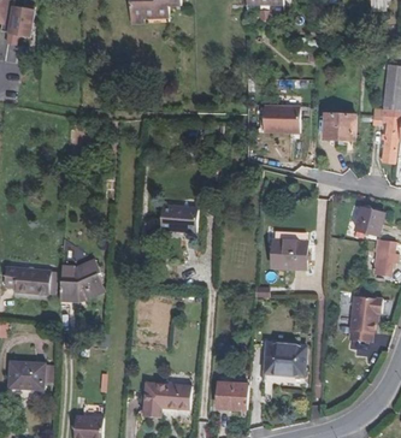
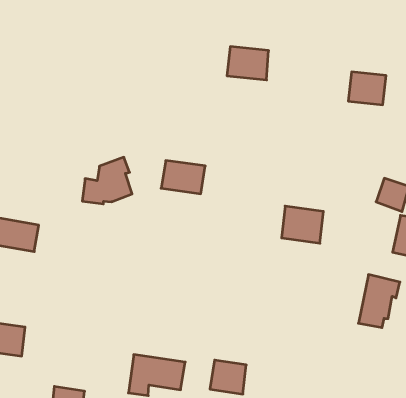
building: [263,105,299,132] -> [227,47,269,80]
building: [59,259,104,302] -> [82,157,132,204]
building: [264,342,306,377] -> none

